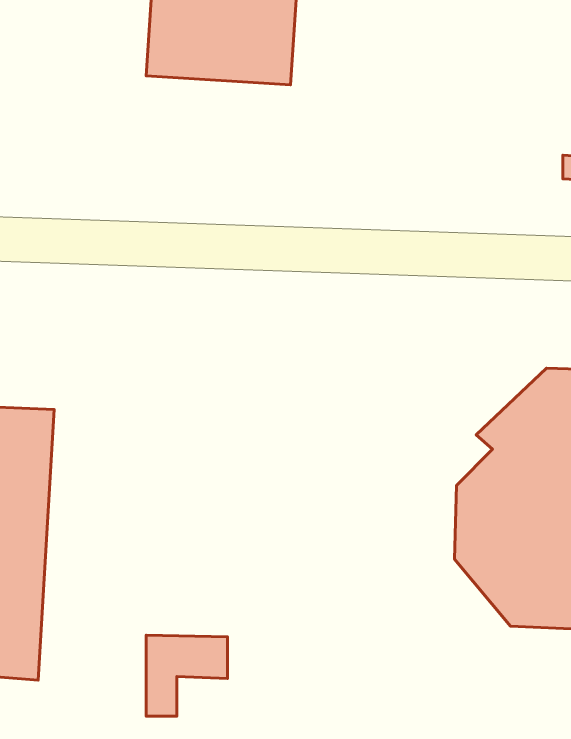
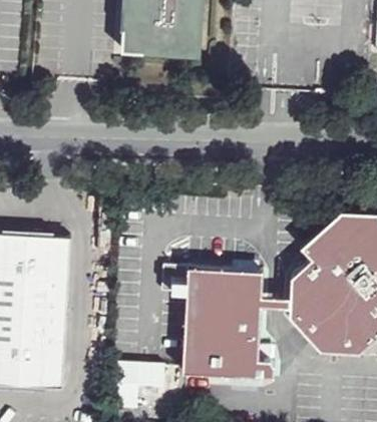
building: none -> [192,269,279,377]

